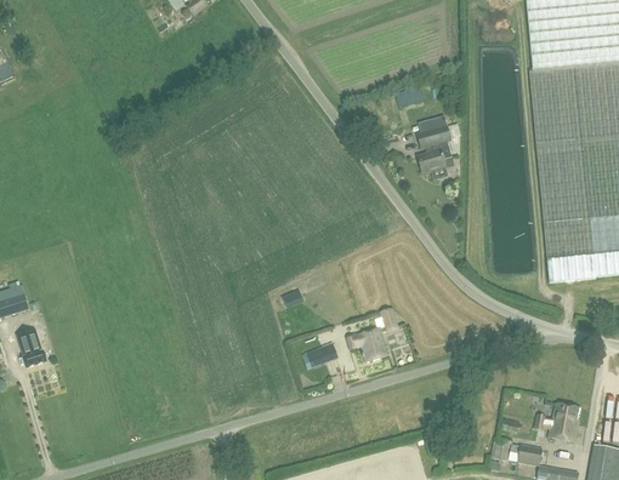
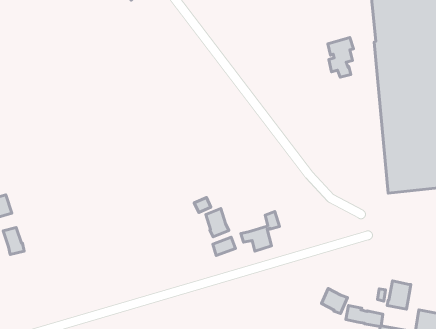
building: [418,125,453,179] -> [328,38,353,77]
building: none -> [206,209,229,237]
building: none -> [321,288,348,314]

